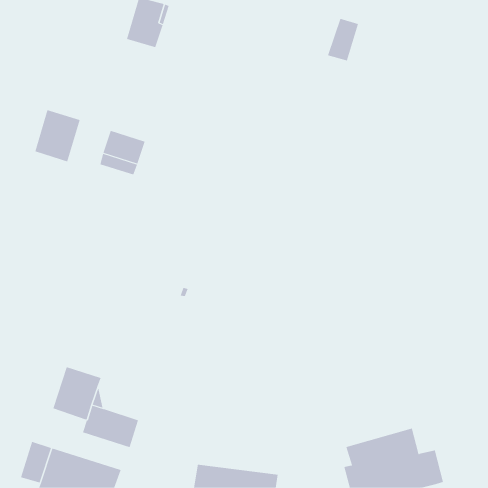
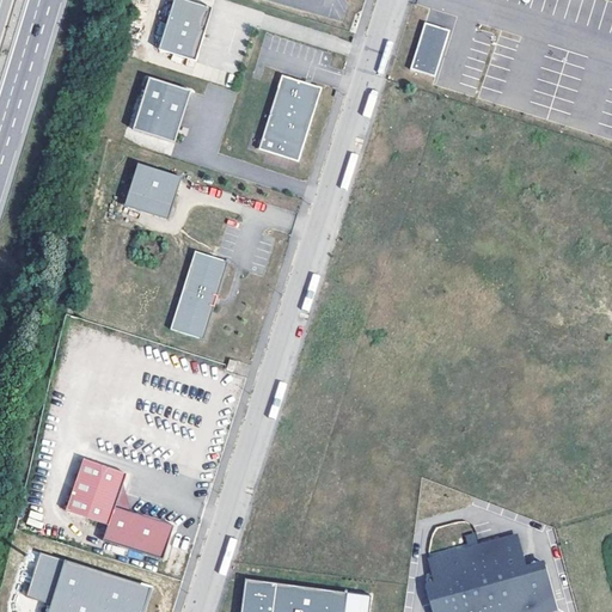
building: none -> [258,74,322,161]
building: [34,109,80,162] -> [133,76,190,142]
building: none -> [170,250,228,339]

